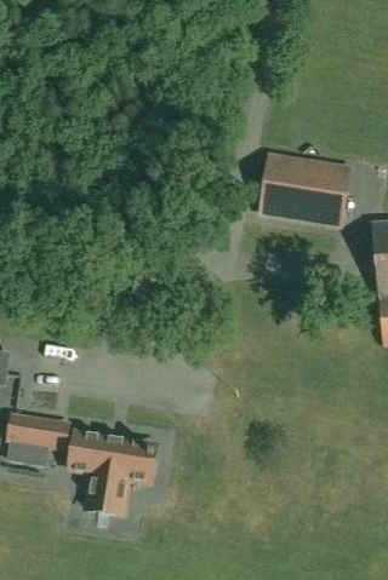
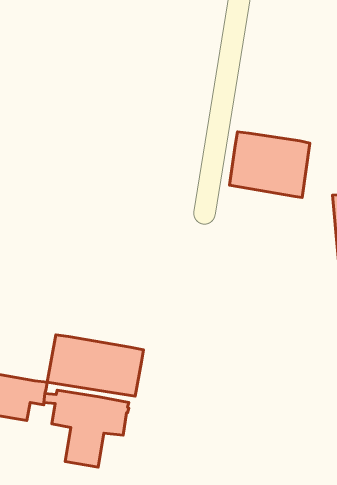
building: none -> [47,335,143,396]

